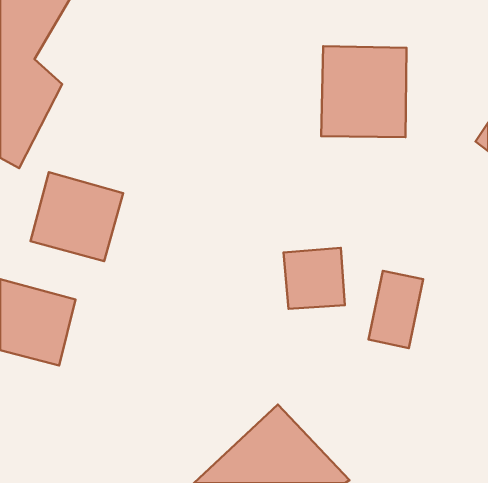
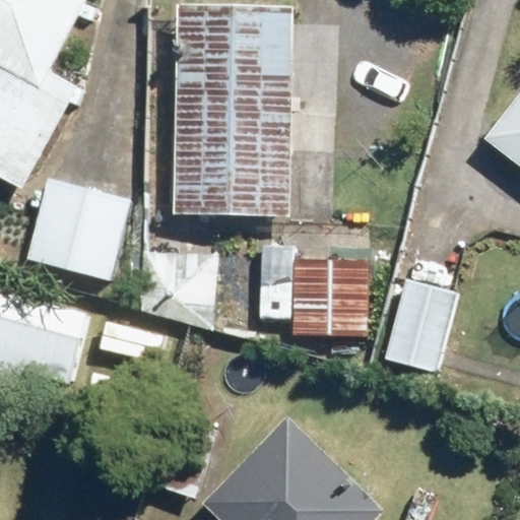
building: none -> [186,15,281,213]
building: [321,46,407,137] -> none

